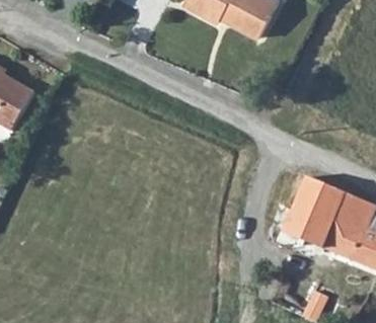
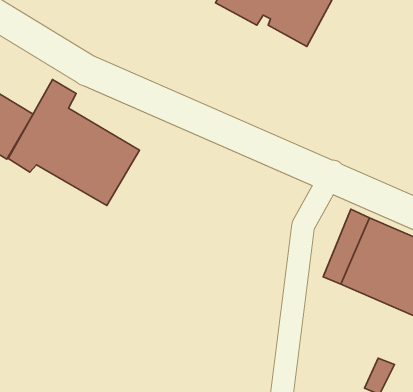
building: none -> [8,80,139,205]

